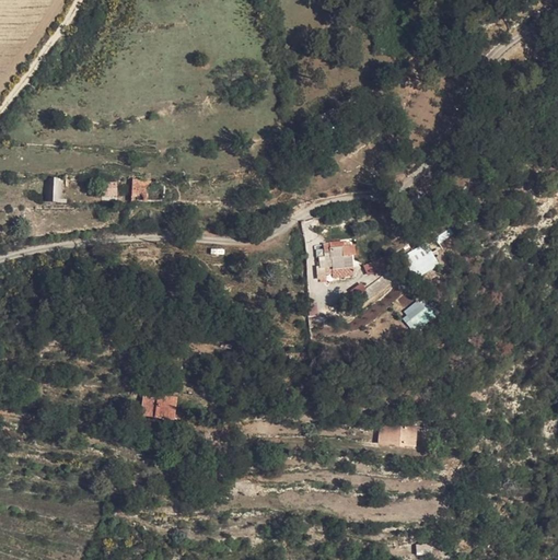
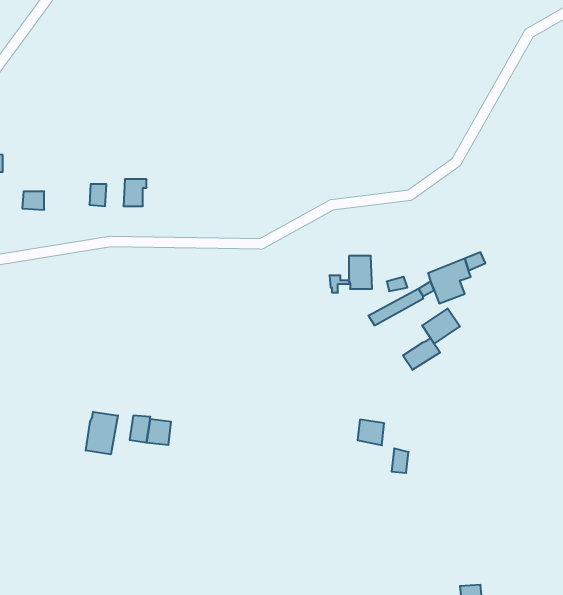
building: none -> [403,338,440,370]
building: none -> [86,412,118,454]
building: [386,423,410,446] -> [358,420,384,445]

